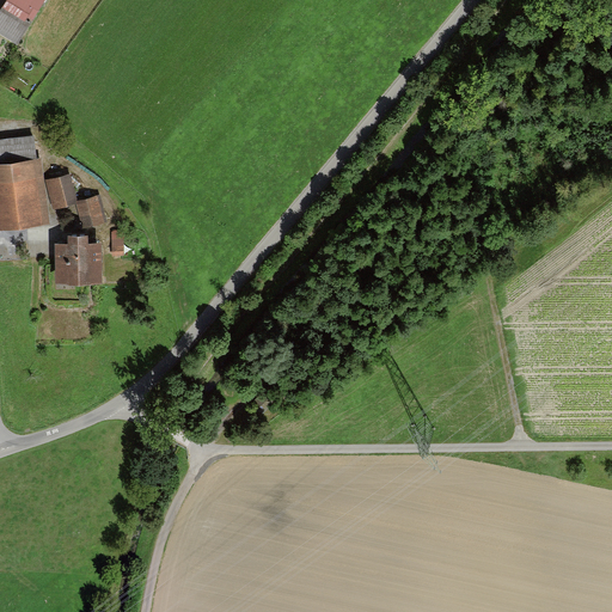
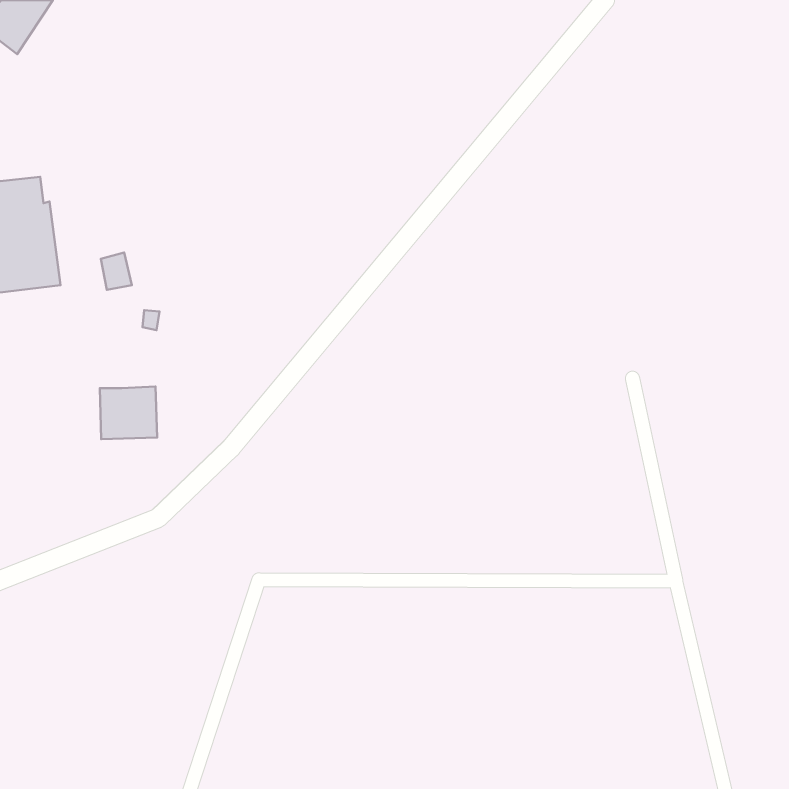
building: [44,175,75,208] -> none
building: [55,241,99,282] -> [100,386,157,439]

